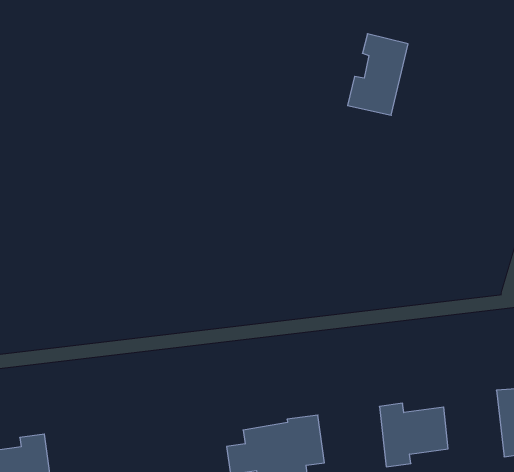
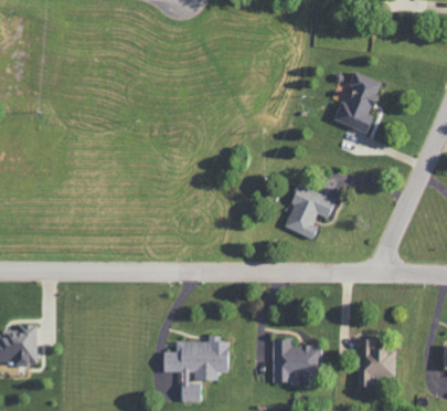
building: [348,34,408,115] -> [333,72,382,131]
building: none -> [285,183,337,241]

